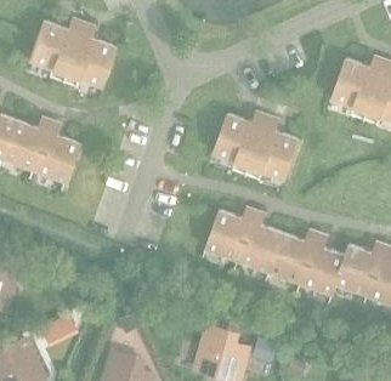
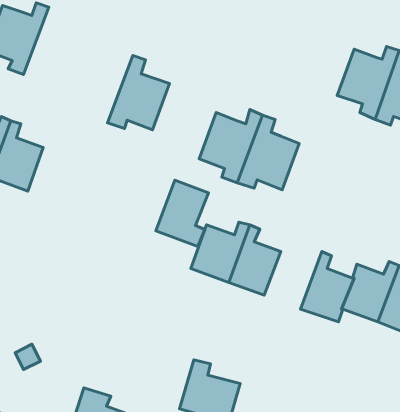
building: [61,23,114,87] -> [107,55,169,130]
building: none -> [156,180,208,247]
building: [268,231,318,284] -> none

